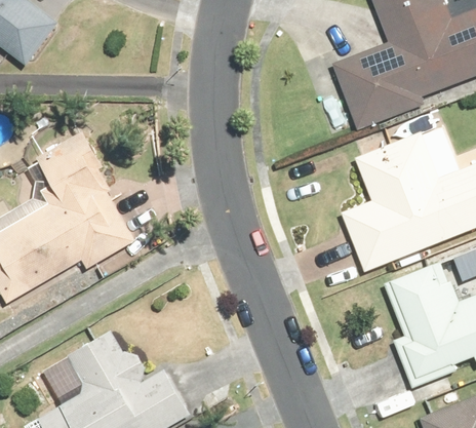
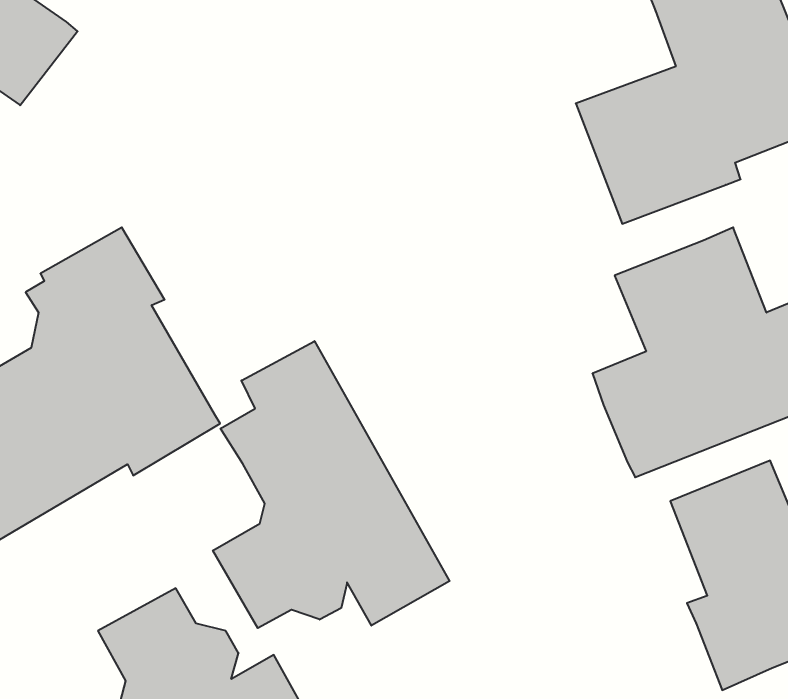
building: none -> [213,341,450,628]

